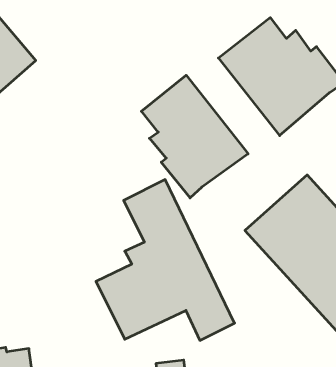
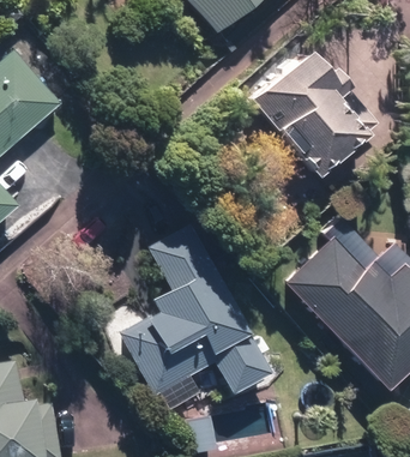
building: [141,75,248,198] -> none

